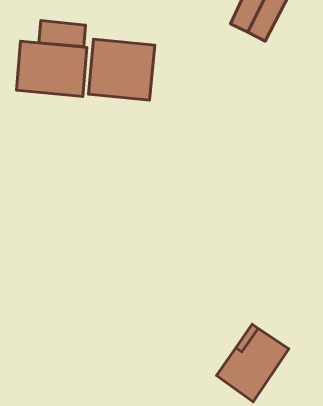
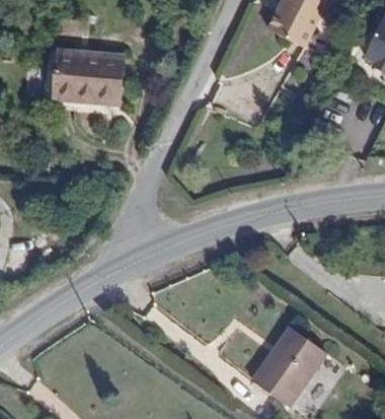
building: [39,21,85,47] -> none
building: [88,39,155,100] -> none

